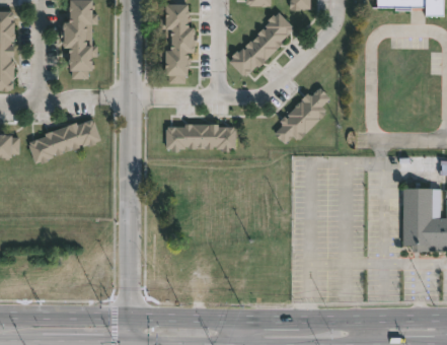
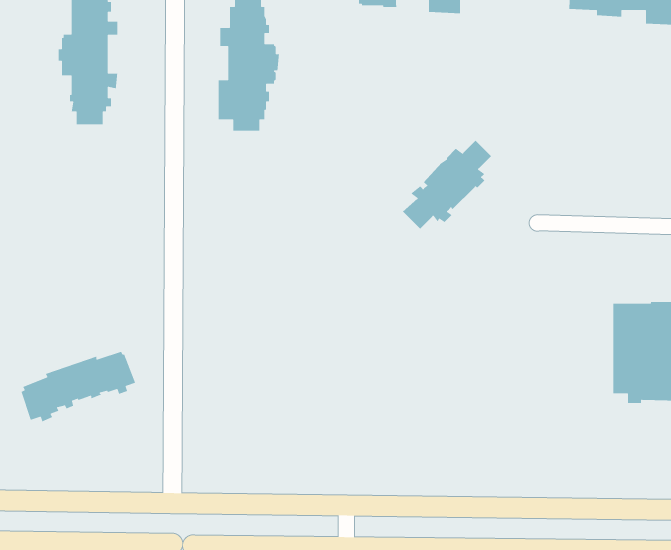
building: [229,13,294,77] -> none
building: [28,120,100,164] -> [20,351,136,422]
building: [165,121,235,152] -> none

